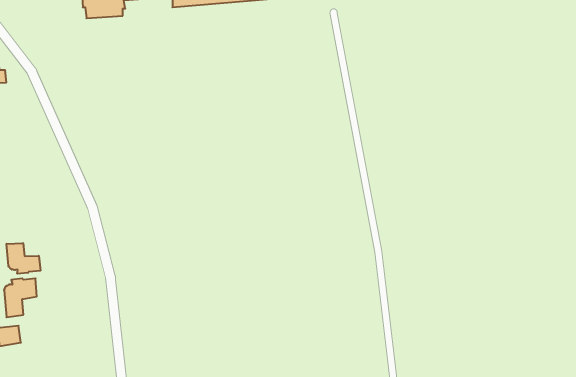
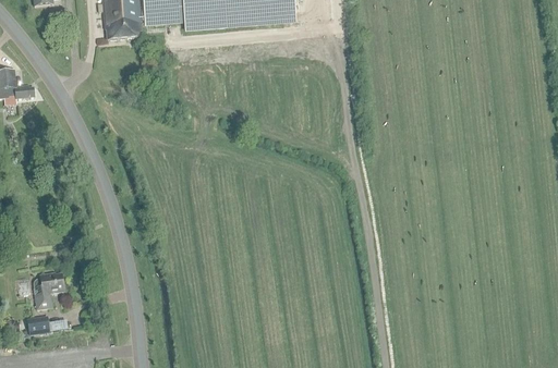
building: [7,243,40,274] -> none

